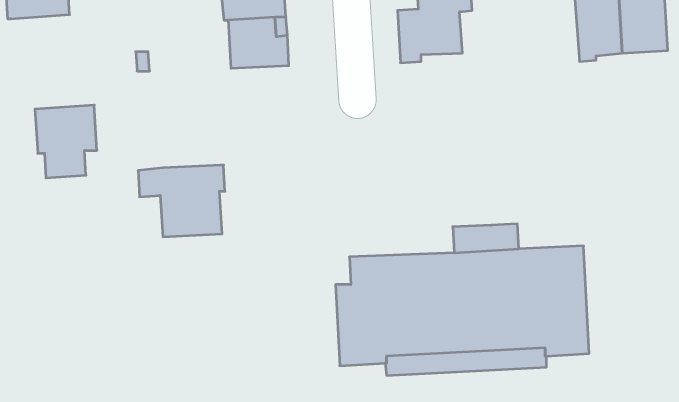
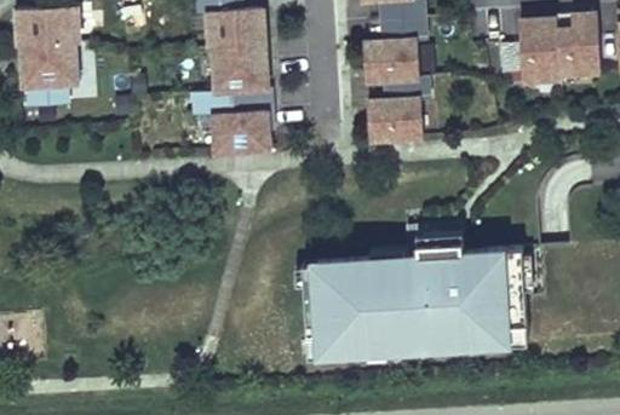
building: none -> [366,79,431,145]
building: [35,105,97,178] -> [22,46,76,110]
building: [138,165,225,237] -> [194,91,270,154]

